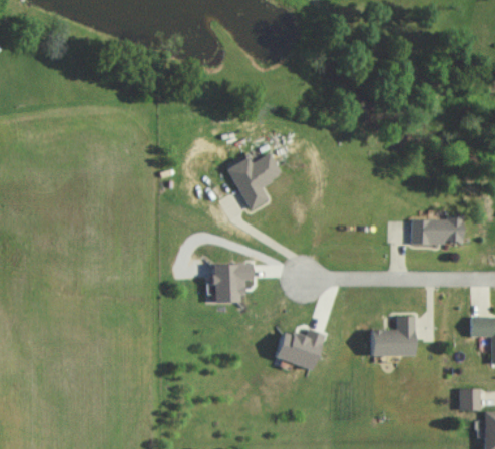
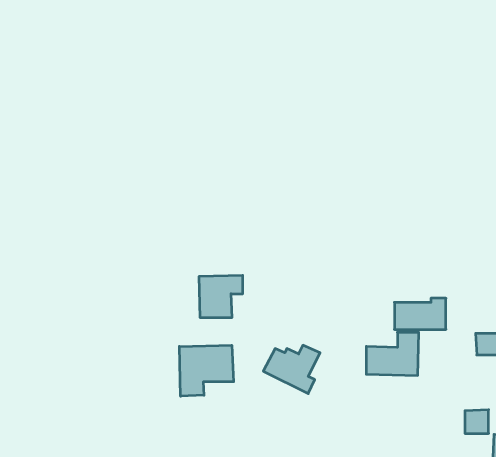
building: [227,152,282,209] -> none
building: [412,214,460,244] -> [394,298,446,329]
building: none -> [179,345,234,396]

